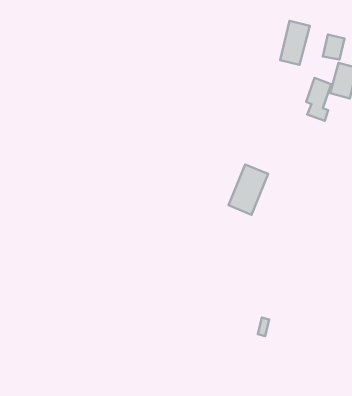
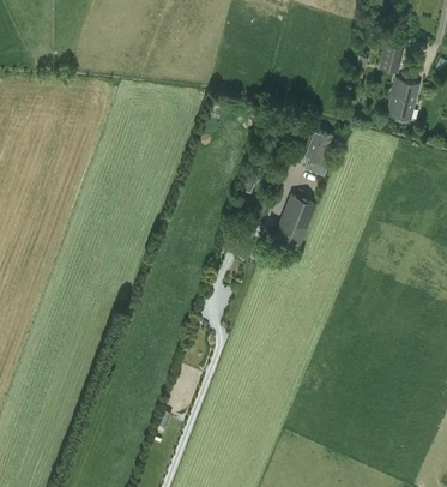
building: [280,21,310,65] -> none
building: [306,78,331,121] -> [303,127,332,176]

